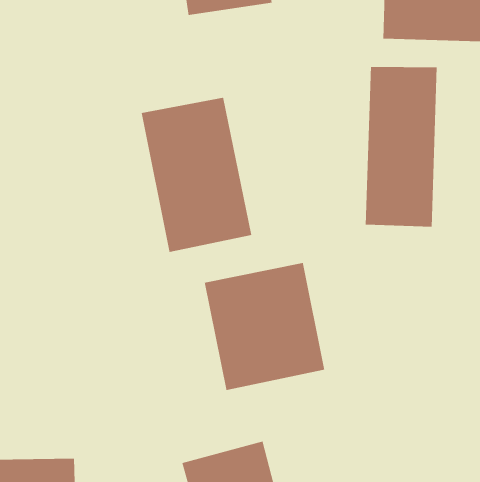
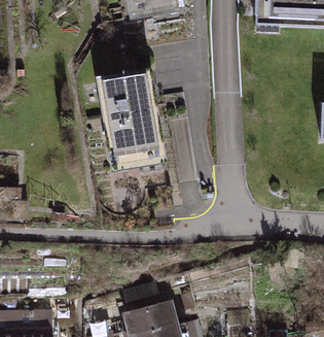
building: [365,66,437,228] -> none
building: [204,262,325,391] -> none

